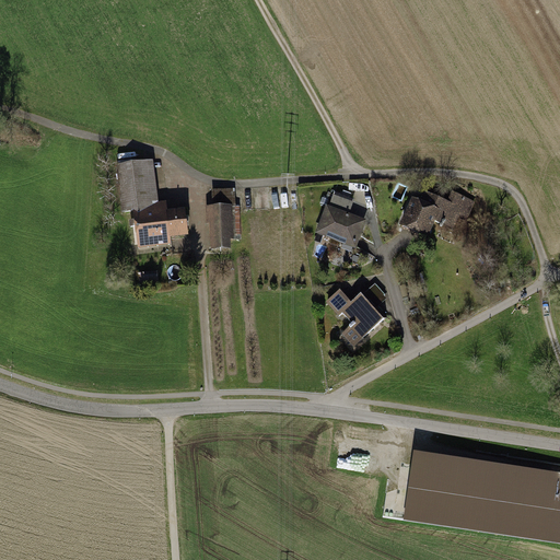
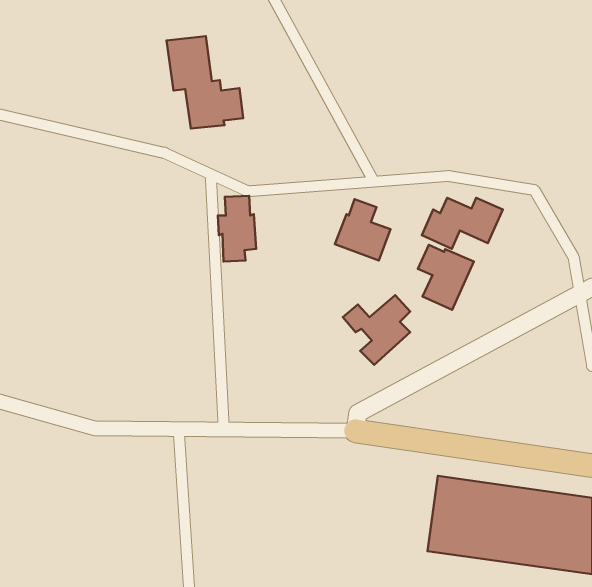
building: [116,158,188,245] -> [167,36,243,129]
building: none -> [418,245,474,310]

